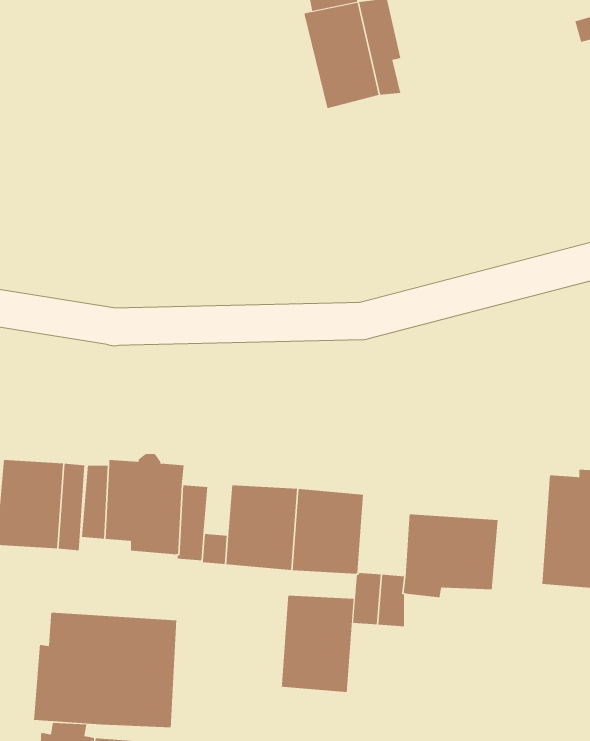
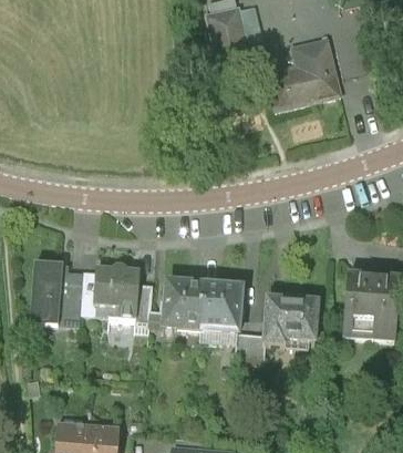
building: none -> [266,39,340,110]
building: [281,595,354,693] -> none
building: [34,612,177,728] -> none

